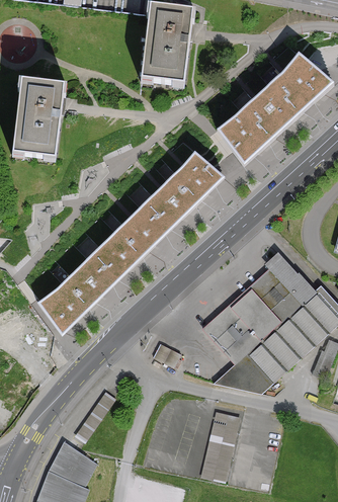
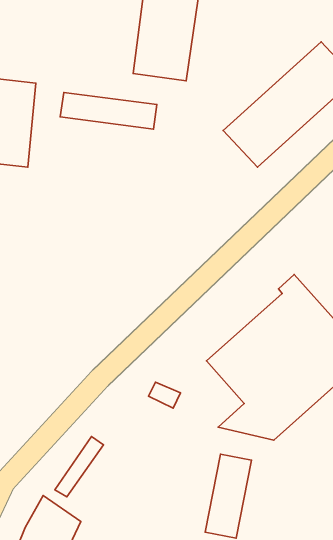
building: none -> [60,92,157,129]
building: [35,152,223,332] -> none

